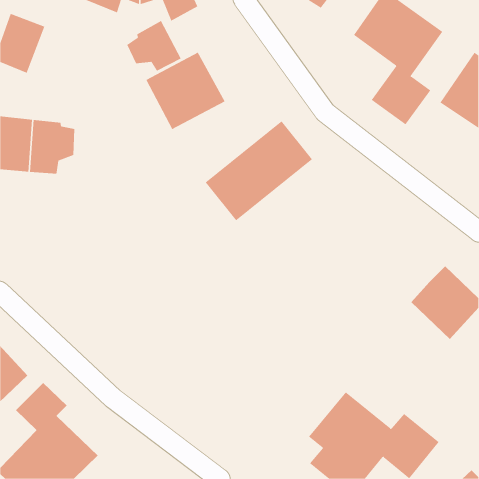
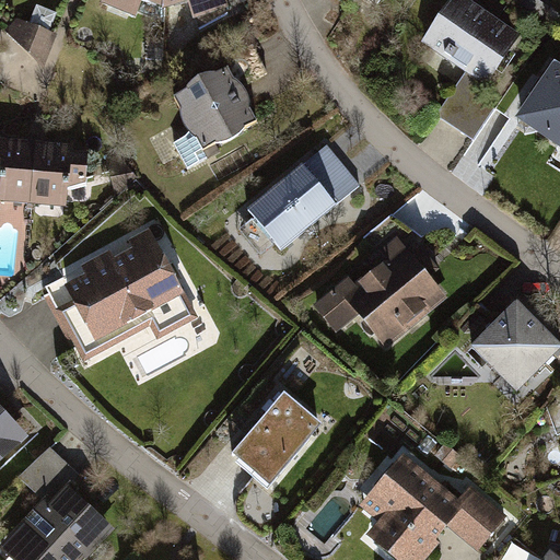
building: [126,20,182,72] -> none
building: none -> [40,225,195,354]
building: none -> [312,230,456,351]
building: none -> [230,386,328,489]

